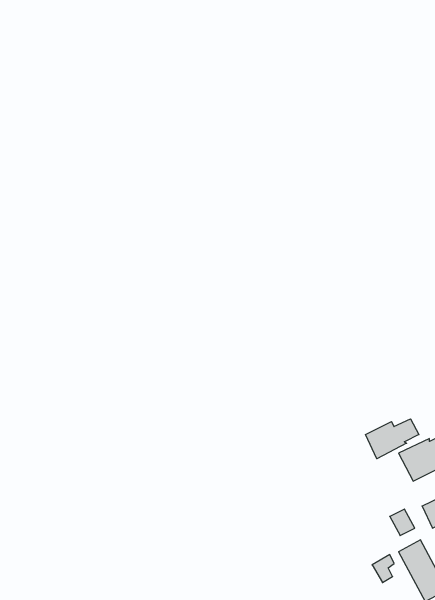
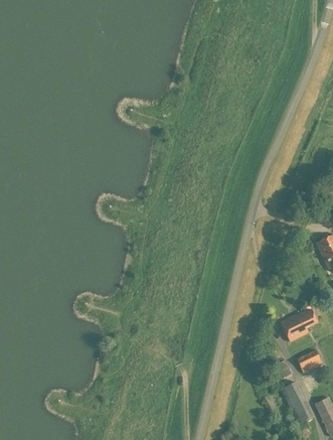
building: [365,419,419,459] -> none

